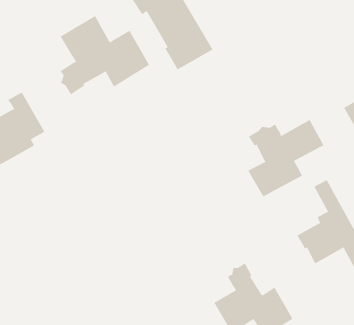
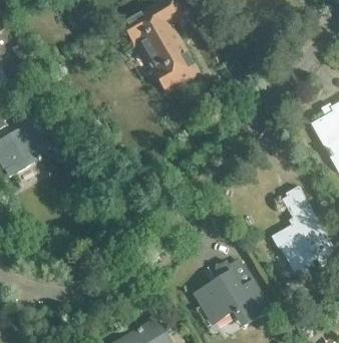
building: [60,15,150,95] -> none
building: [248,119,324,197] -> none

